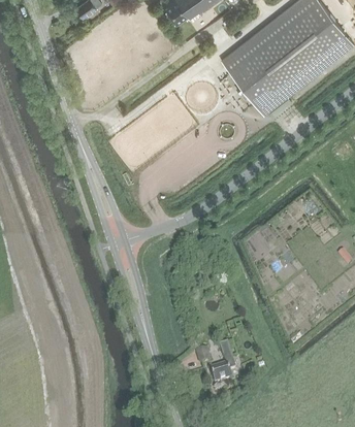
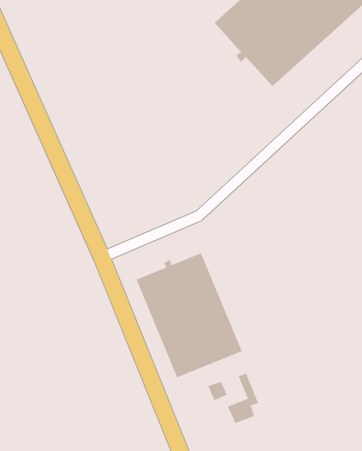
building: none -> [136,253,242,378]

